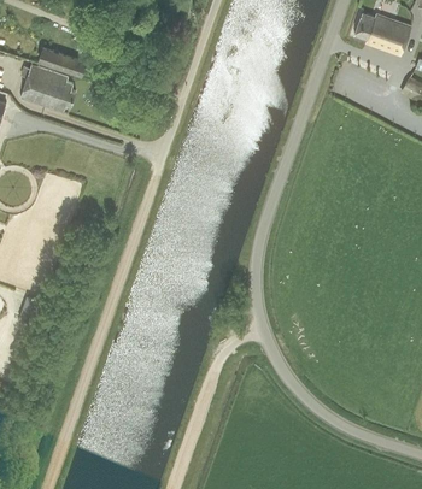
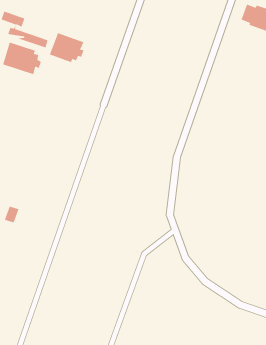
building: none -> [49,32,85,63]

